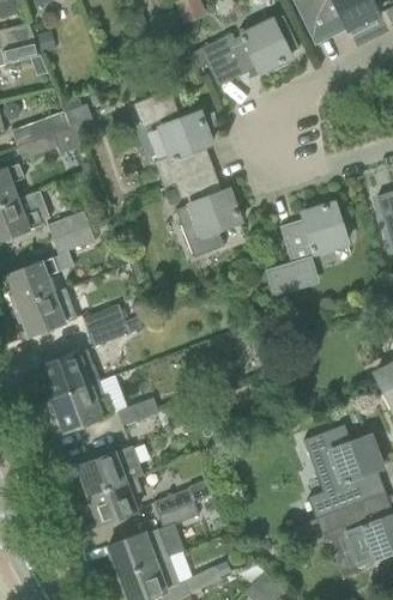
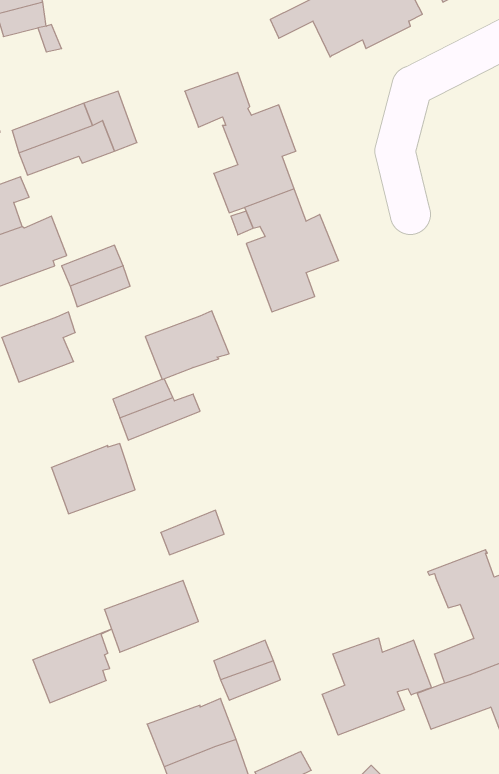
building: [266,204,347,291] -> none
building: [17,289,75,337] -> [145,311,229,379]
building: [52,382,110,432] -> none
building: [87,474,143,526] -> [33,629,111,703]
building: none -> [322,638,432,735]

